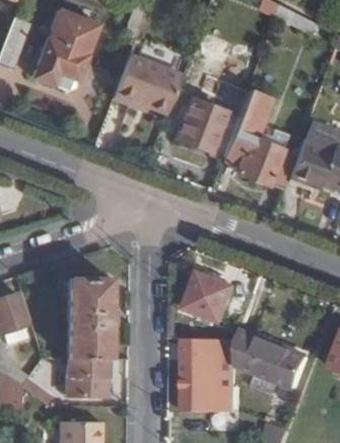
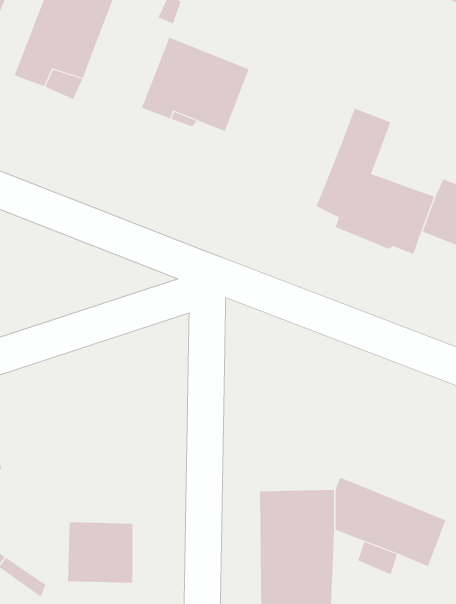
building: [178,99,240,157] -> none
building: [185,273,233,322] -> none
building: [67,279,115,359] -> none

